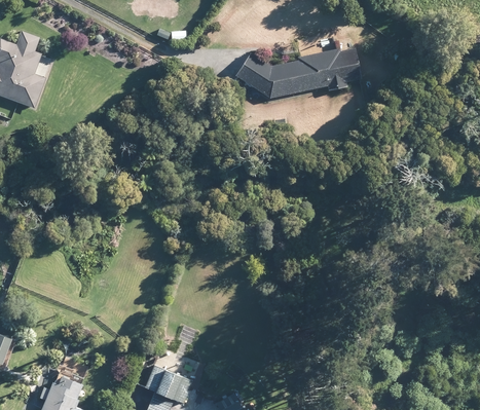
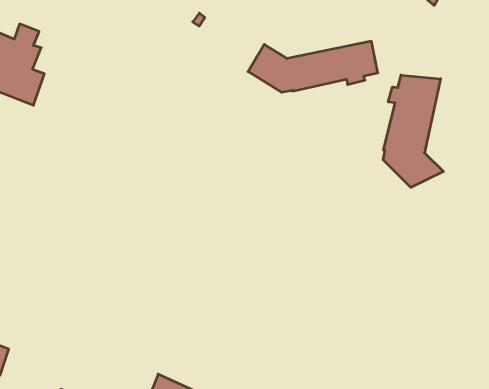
building: none -> [383,75,443,187]

